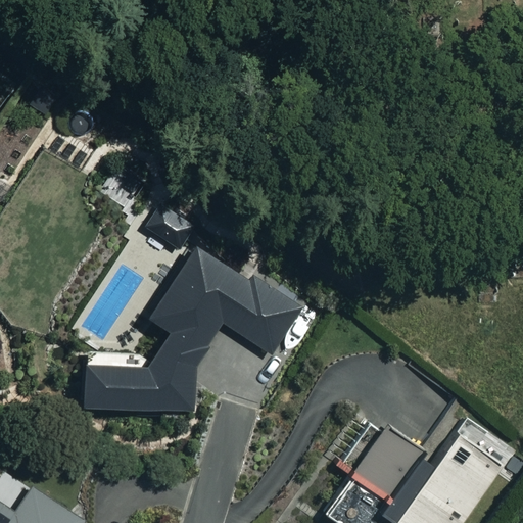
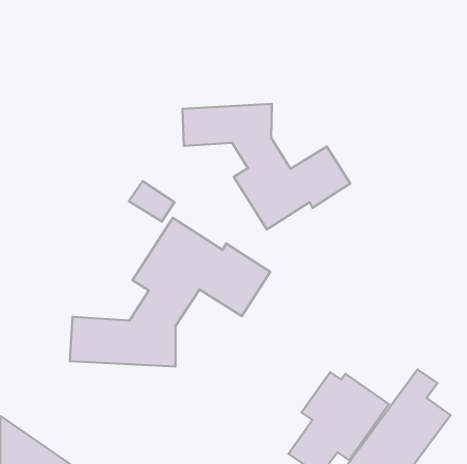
building: none -> [182,104,350,230]

